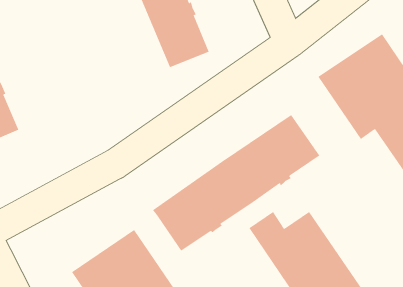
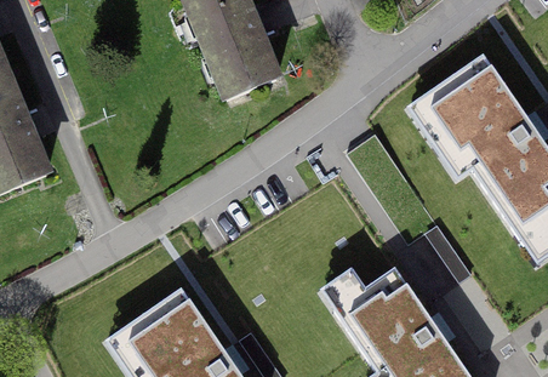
building: [152,114,320,251] -> none

